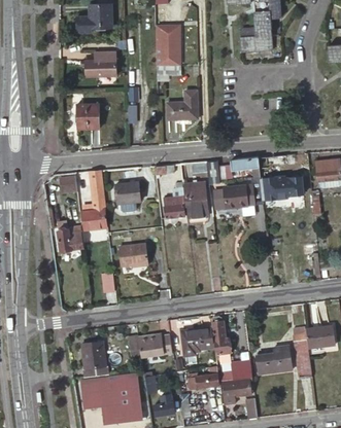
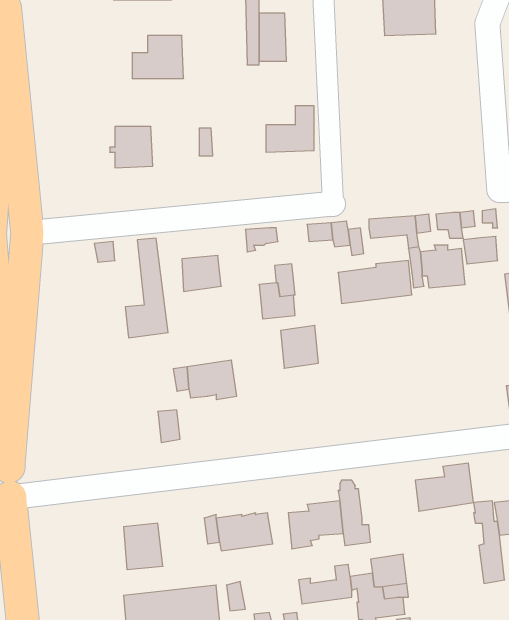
building: [185,182,208,208] -> [281,325,318,368]
building: [58,226,83,252] -> none
building: [257,346,292,374] -> [415,463,474,511]

